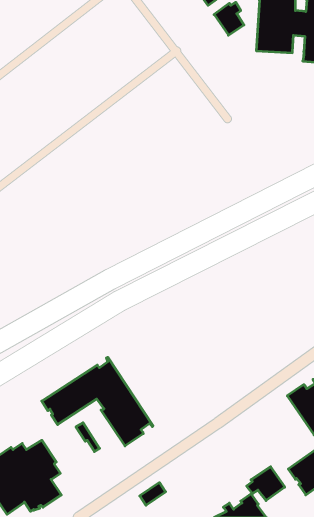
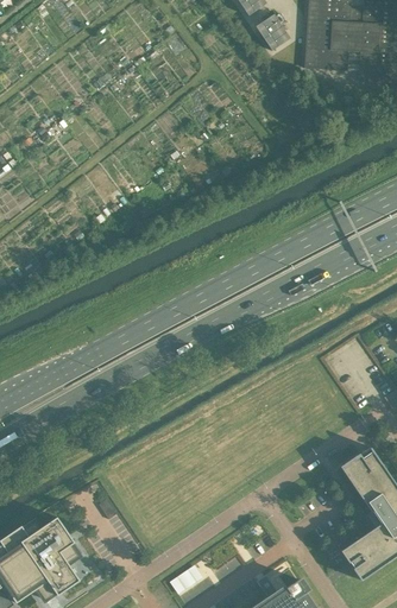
building: [42,357,153,446] -> none
building: [247,467,285,501] -> none

